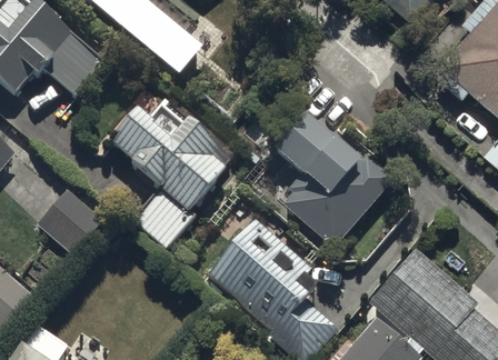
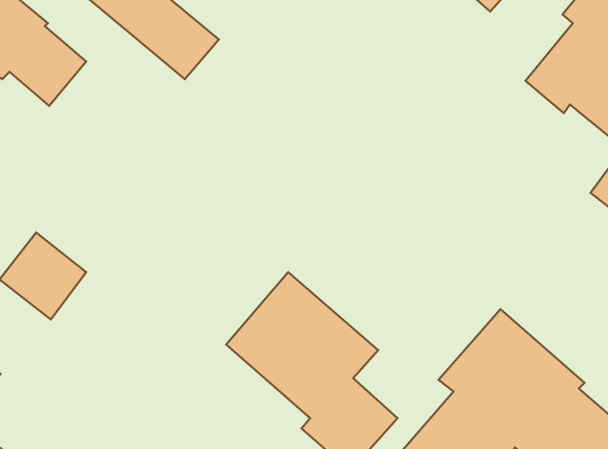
building: [106,103,233,250] -> none
building: [271,109,397,249] -> none

